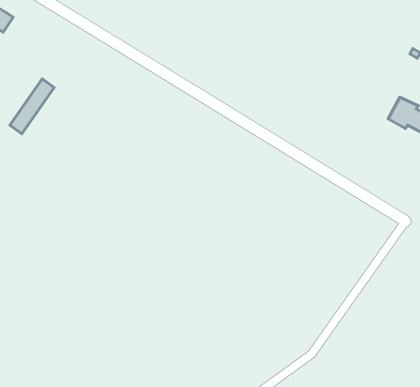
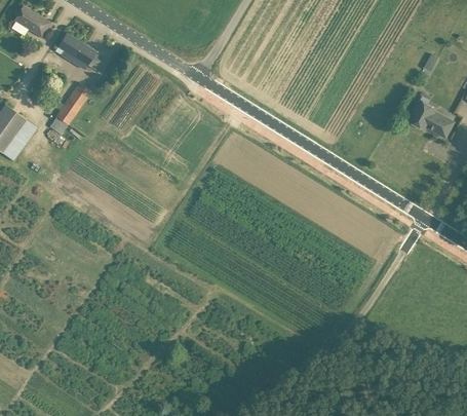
building: none -> [57,33,103,70]

